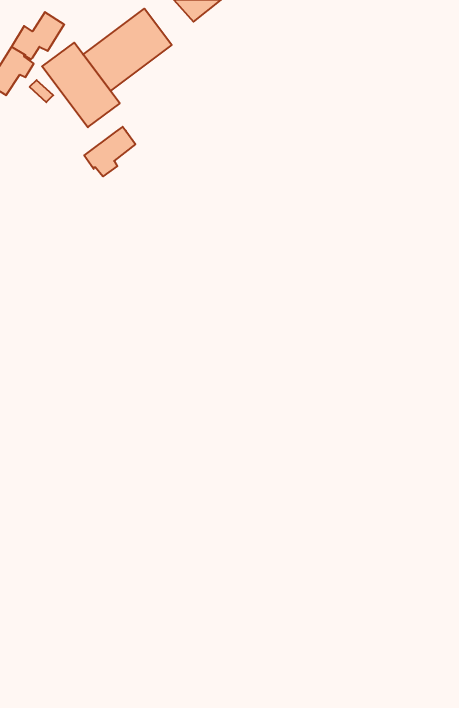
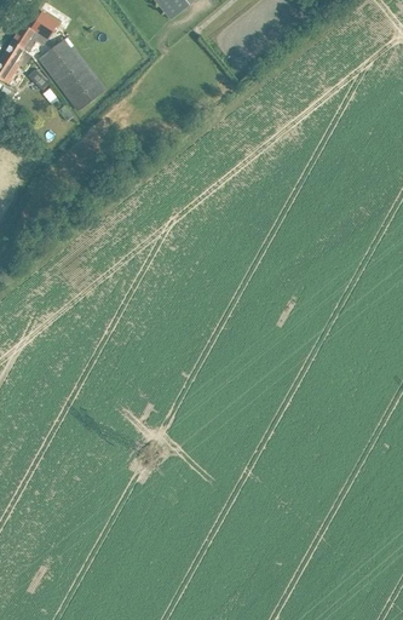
building: [83,9,172,91] -> none
building: [84,127,135,176] -> none

